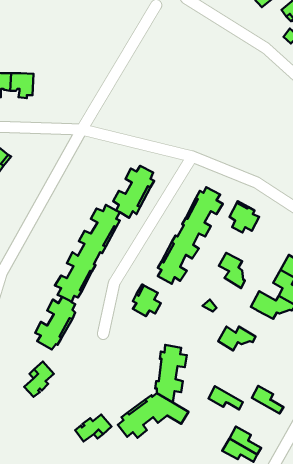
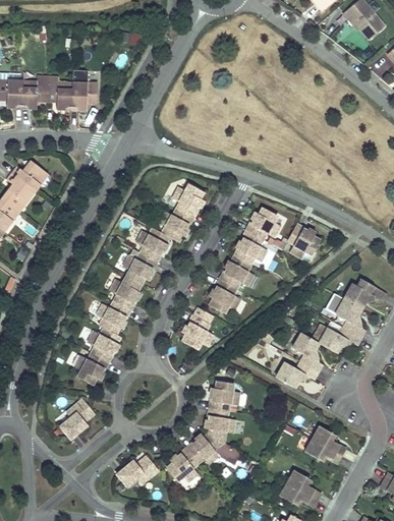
building: none -> [71,82,98,110]
building: [219,253,245,288] -> [291,332,320,370]
building: [208,386,243,409] -> [304,438,342,463]

